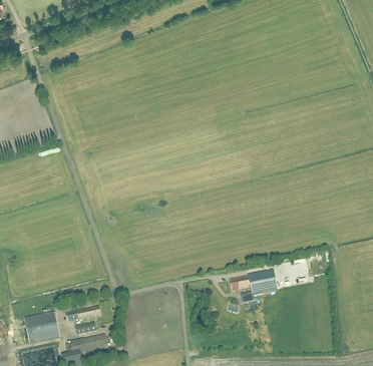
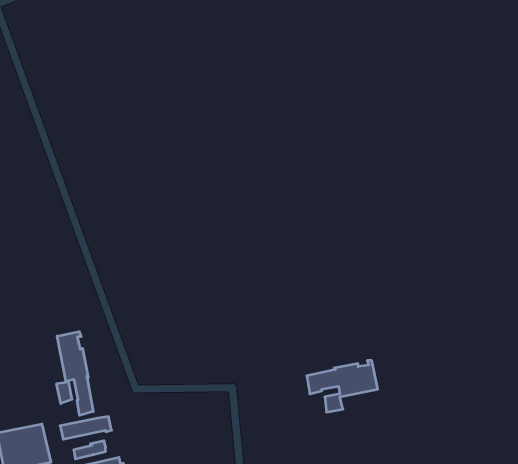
building: none -> [57,332,93,415]

